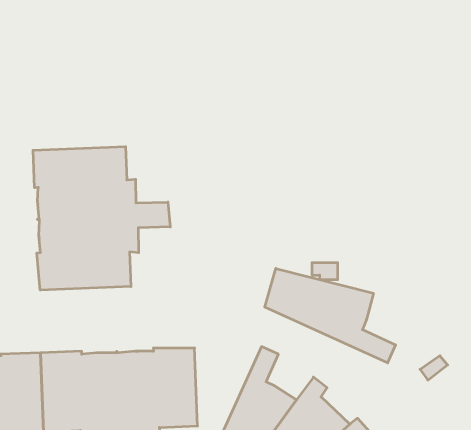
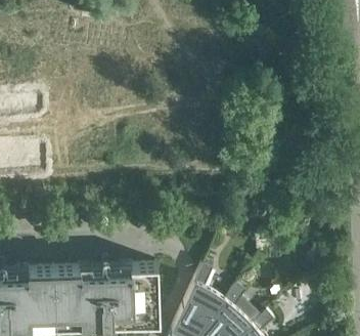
building: [33,147,170,290] -> none
building: [265,268,396,363] -> none

